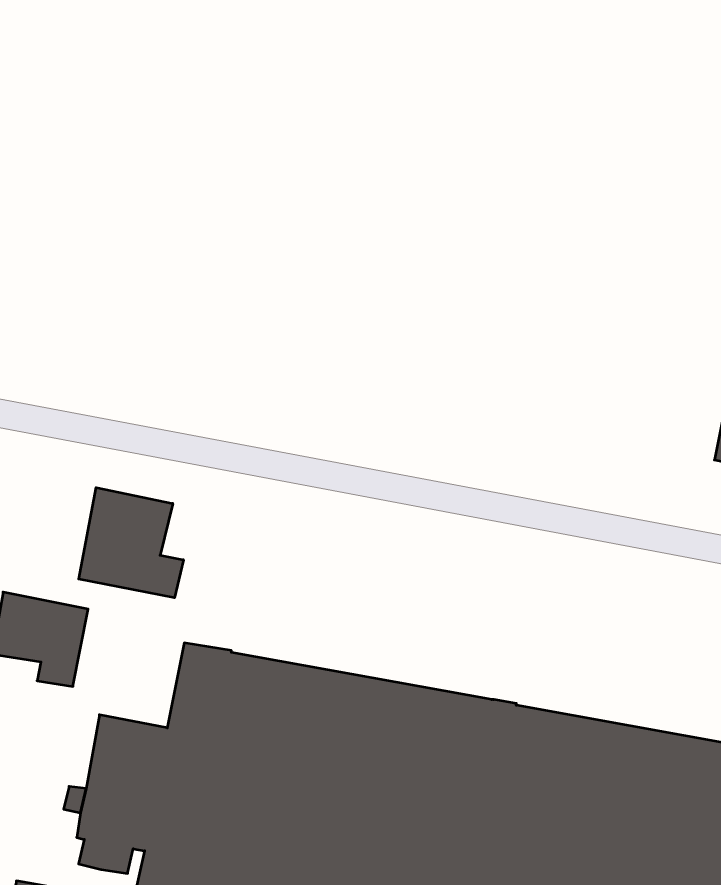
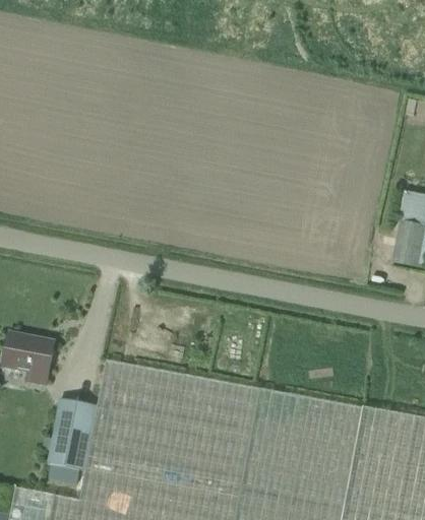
building: [79,488,183,598] -> none

